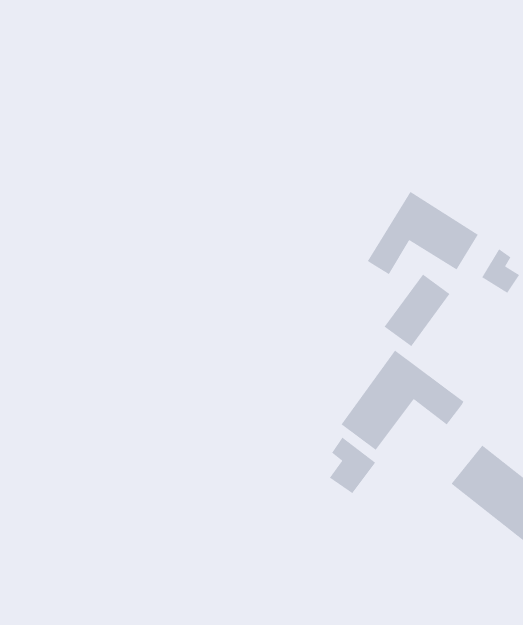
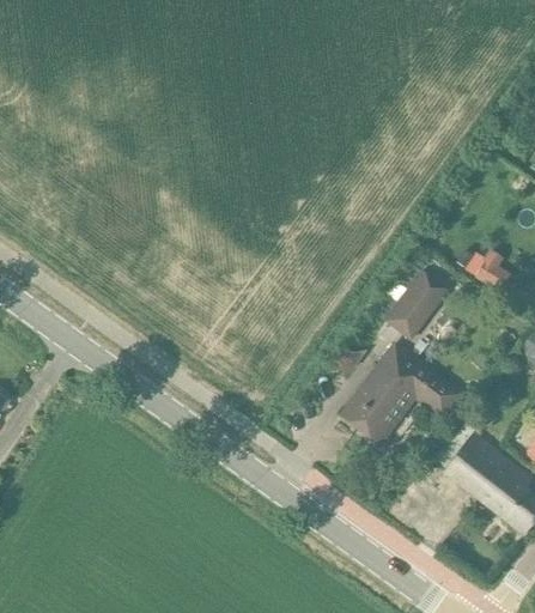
building: [367,191,479,275] -> none
building: [329,436,376,494] -> none

